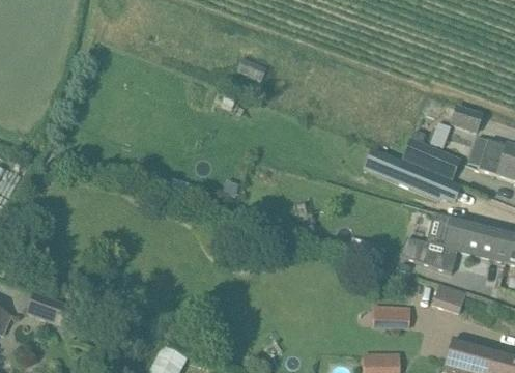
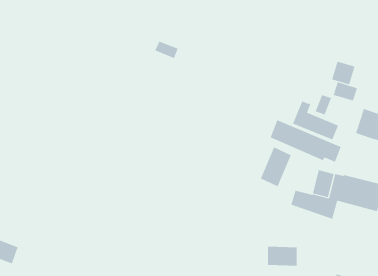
building: none -> [331,61,355,85]
building: none -> [260,147,292,187]
building: [431,281,465,313] -> none

